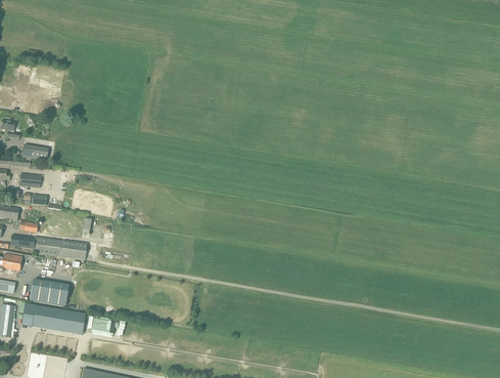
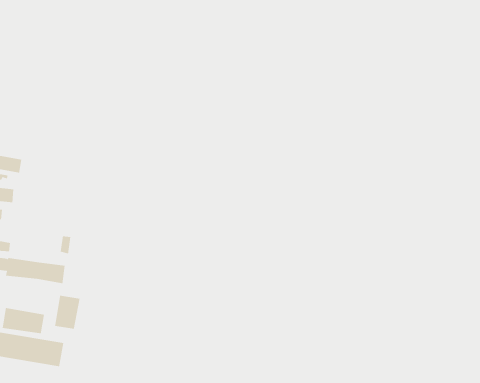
building: none -> [55,295,80,329]

